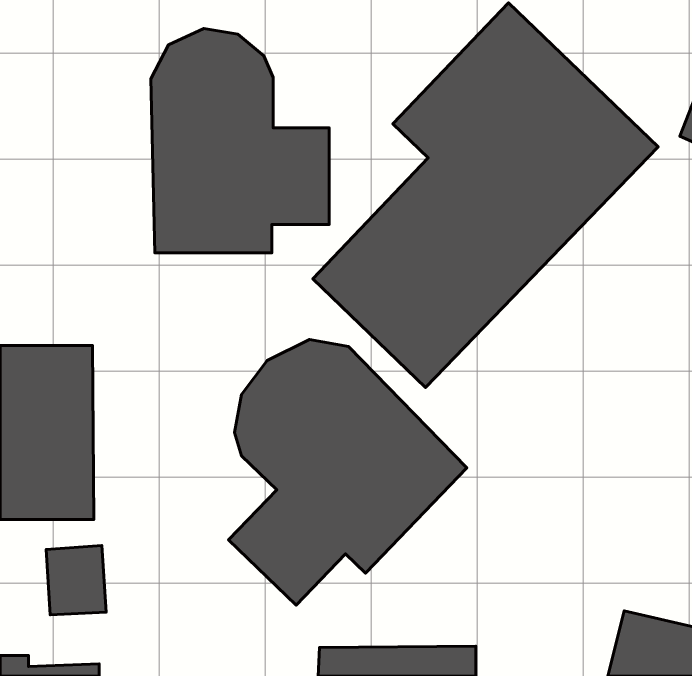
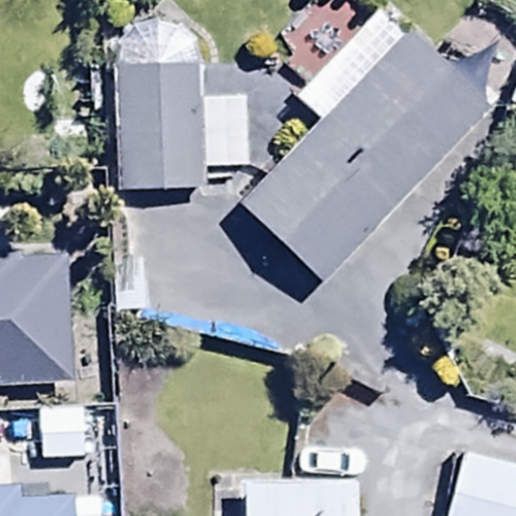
building: [228,340,467,605] -> none

